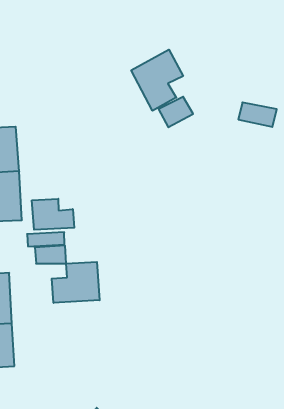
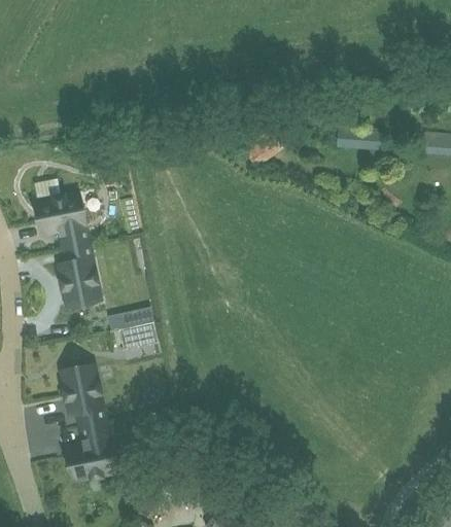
building: [131,50,183,111] -> none
building: [32,199,74,230] -> none
building: [52,262,100,303] -> none

